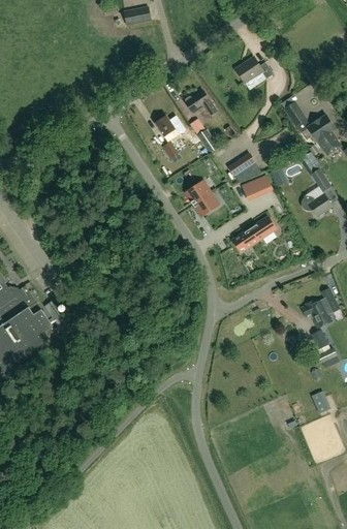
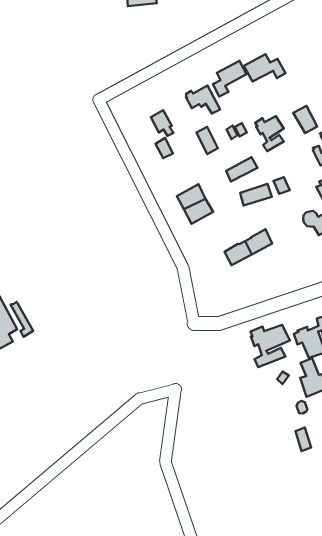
building: none -> [213,61,246,97]
building: none -> [255,116,284,151]
building: none -> [251,325,290,367]

